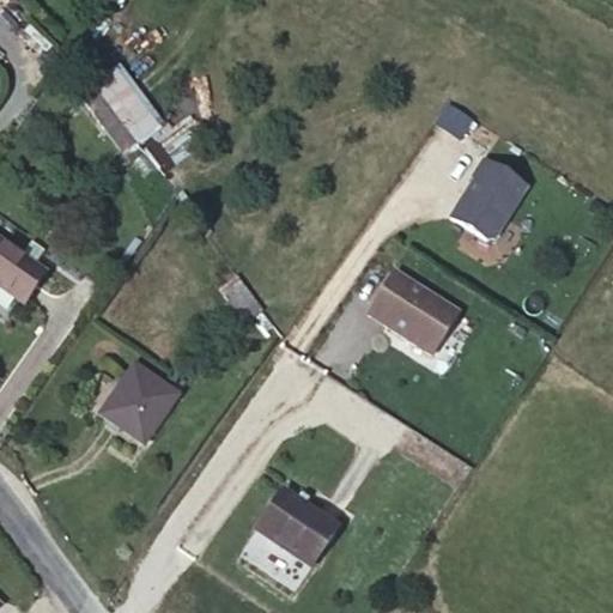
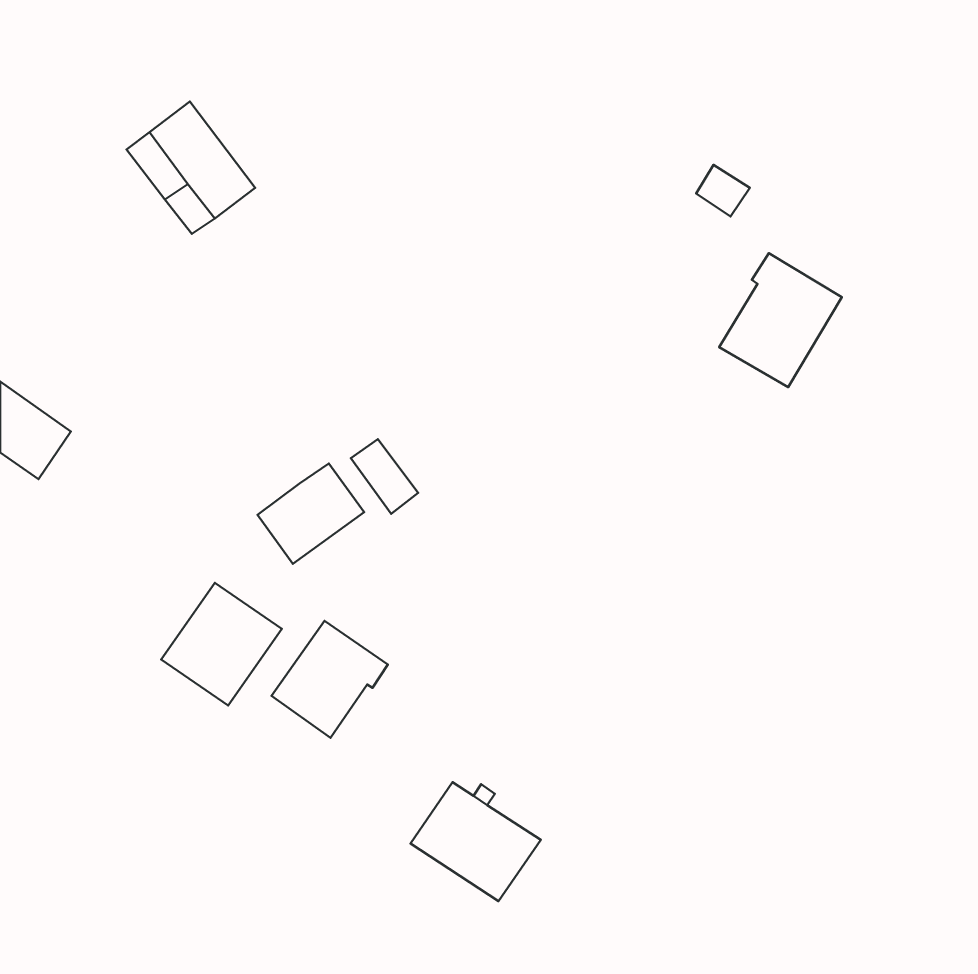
building: [366,271,459,354] -> none
building: none -> [258,463,364,564]
building: none -> [272,621,388,738]

